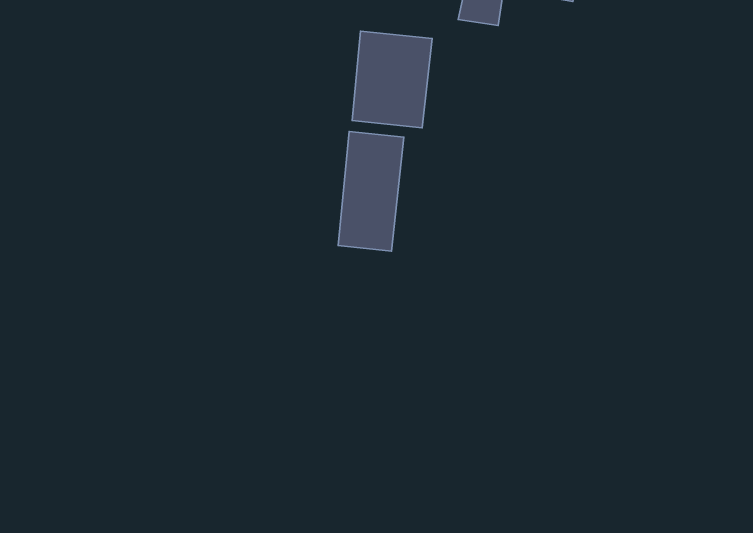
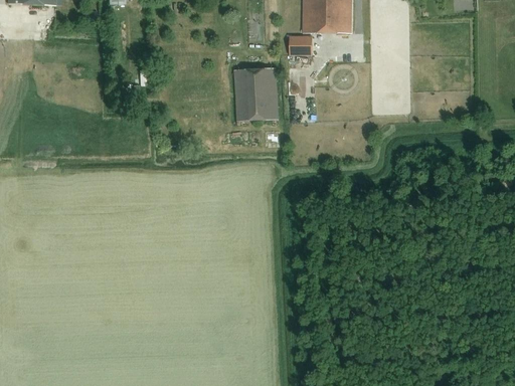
building: [338,132,404,251] -> none

